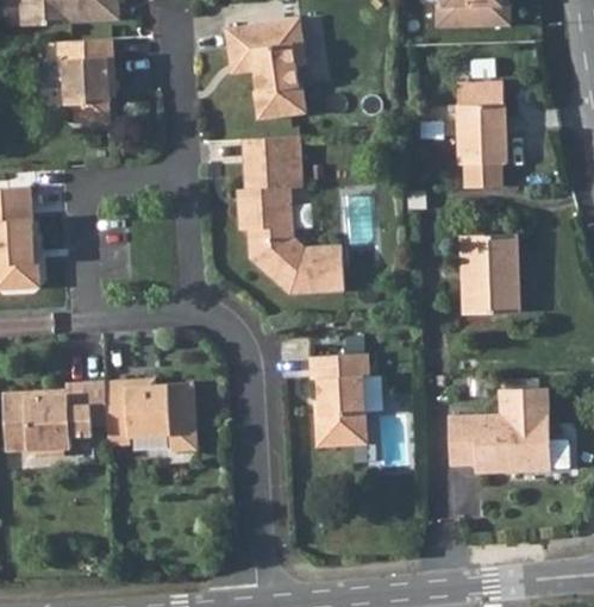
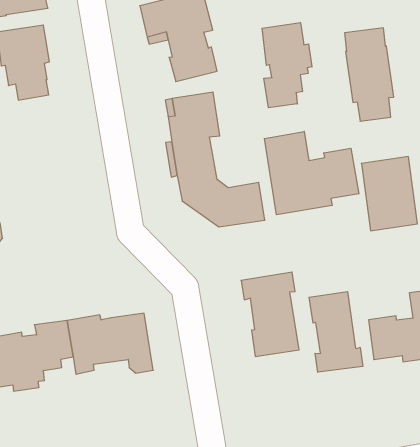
building: none -> [262,23,312,108]
building: none -> [264,131,359,215]
building: none -> [309,292,363,372]

